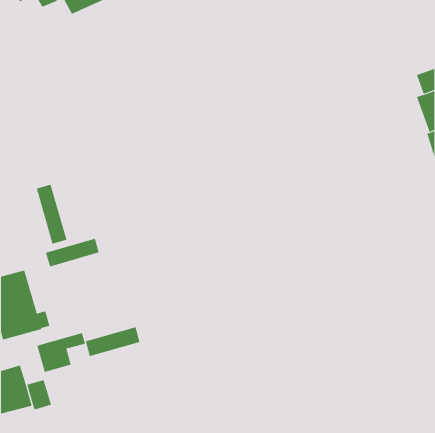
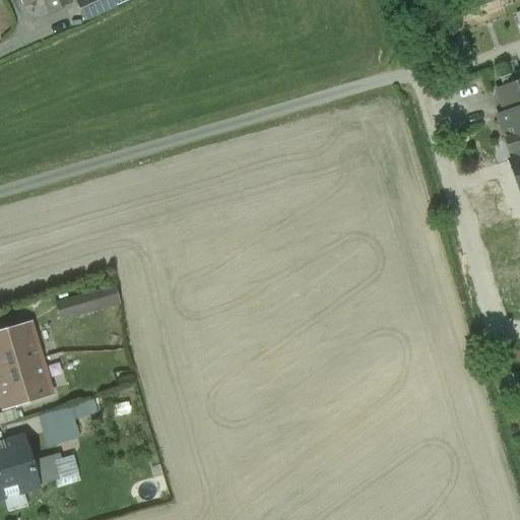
building: [36,184,67,245] -> none
building: [85,326,140,357] -> none

